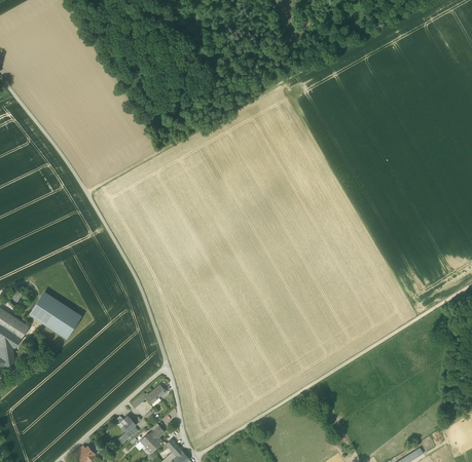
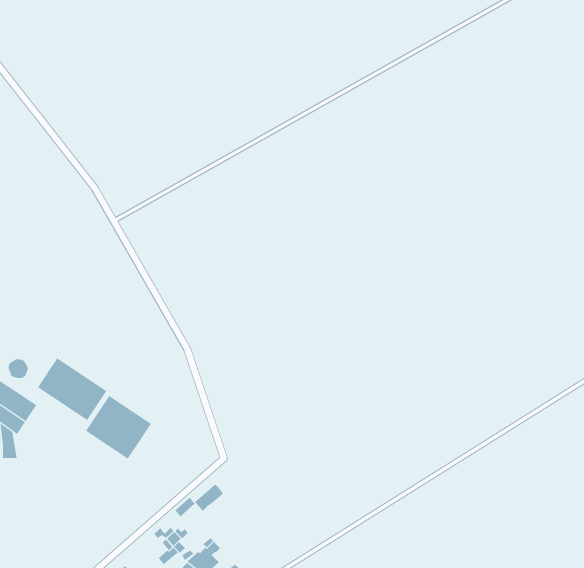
building: none -> [85,395,152,459]

